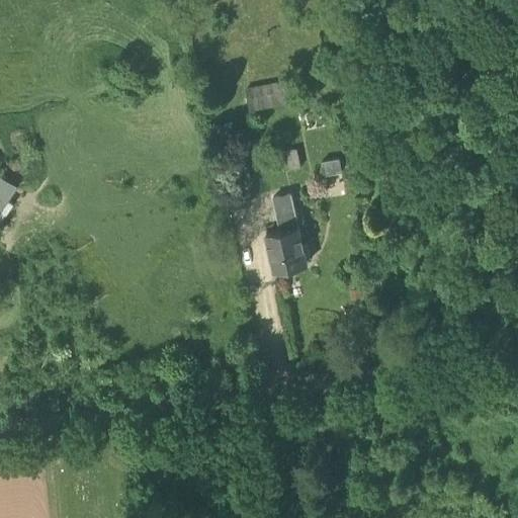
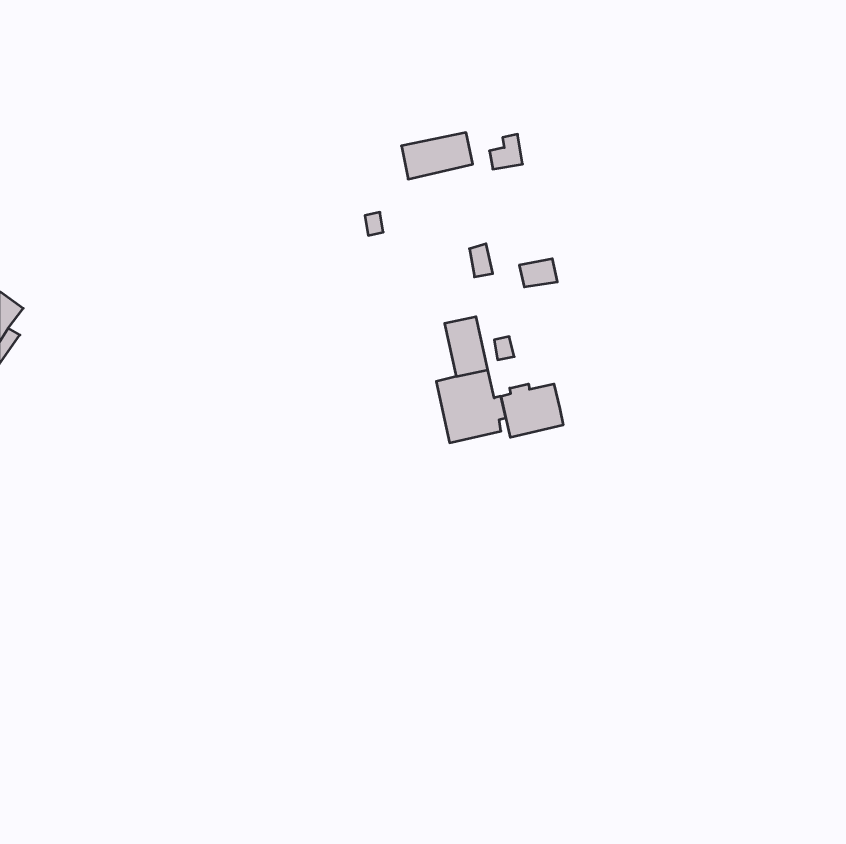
building: none -> [501,384,563,437]

